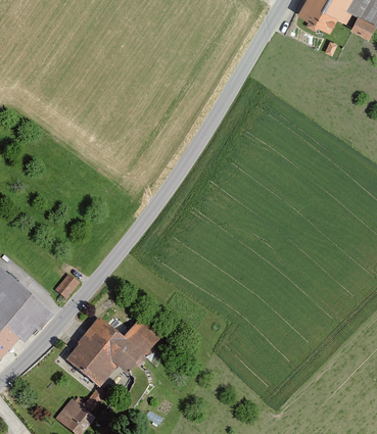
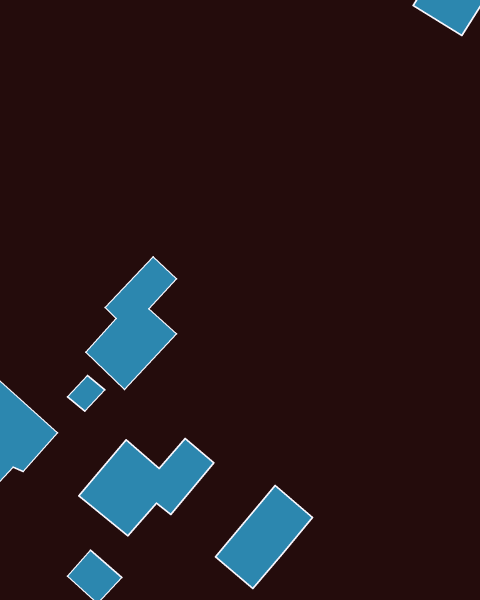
building: none -> [86,257,177,389]
building: none -> [216,486,313,589]

